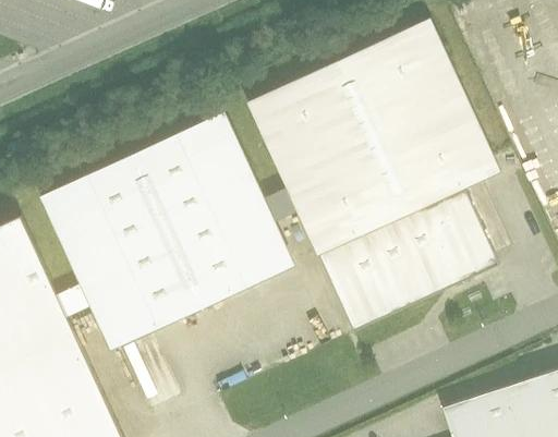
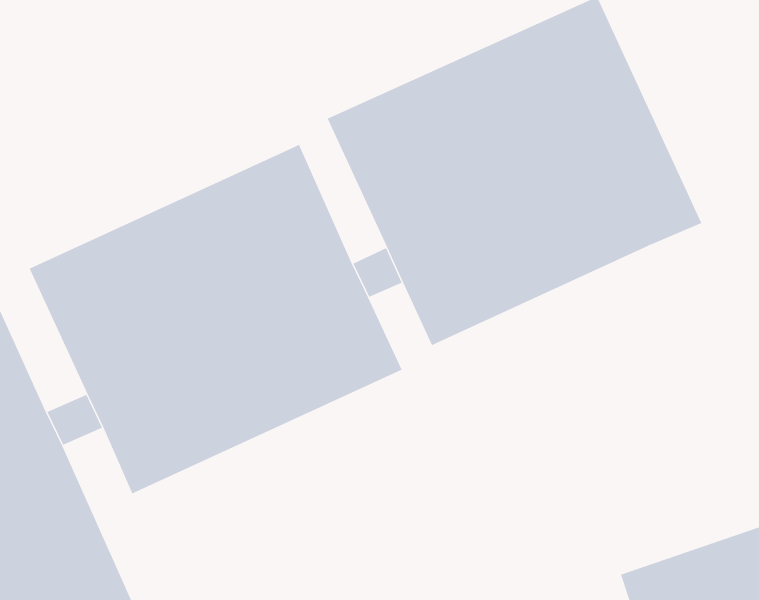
building: [315,185,498,331] -> none

